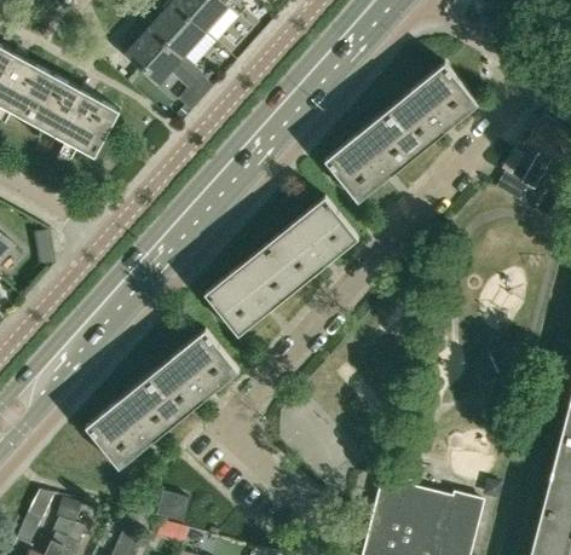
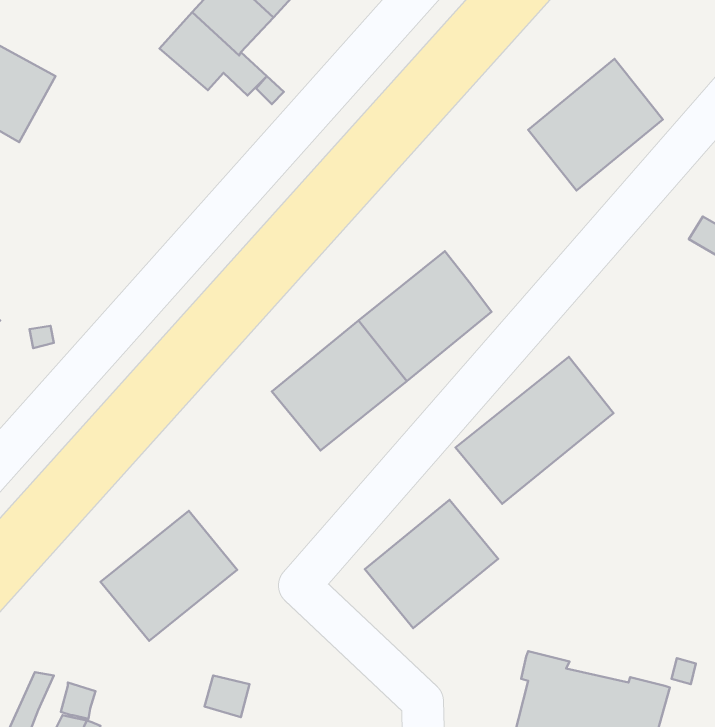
building: [28,75,120,157] -> none
building: [323,112,417,203] -> none
building: none -> [455,357,614,504]
building: [146,330,240,420] -> [365,500,498,628]

